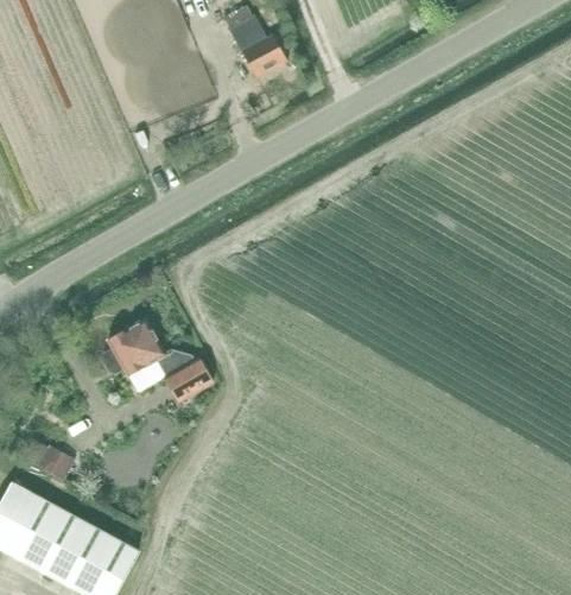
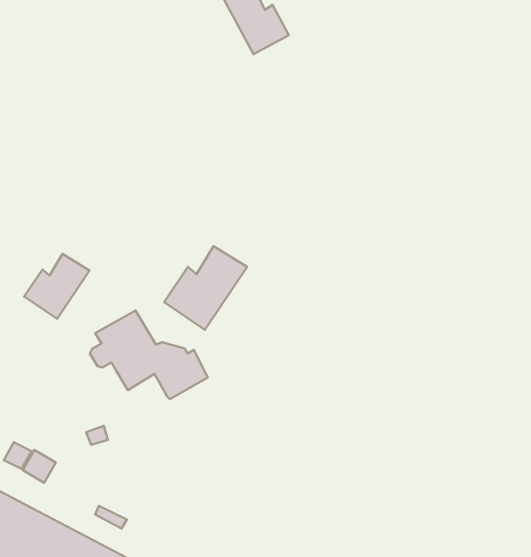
building: none -> [164,246,247,330]
building: none -> [24,254,90,319]

